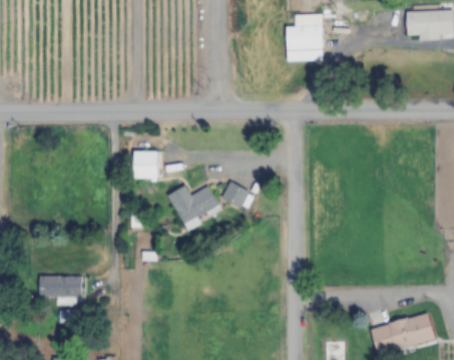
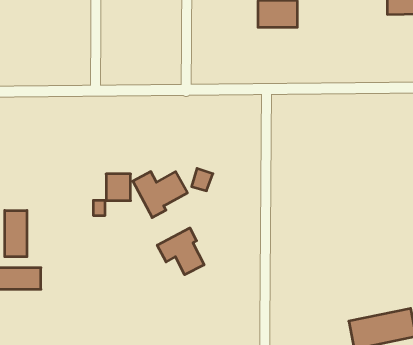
building: [134,151,157,176] -> [106,174,131,201]
building: none -> [5,210,27,257]
building: none -> [157,228,204,275]

